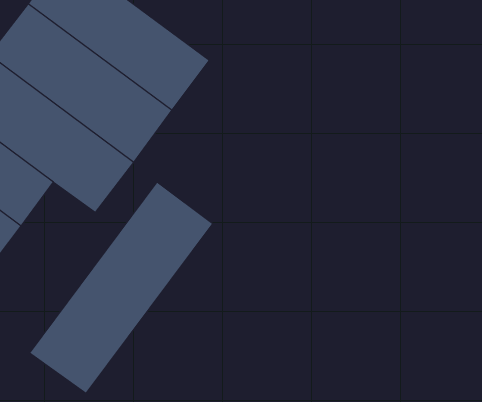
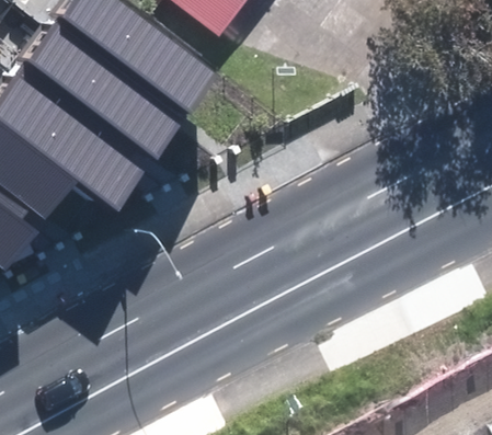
building: [29,182,213,393] -> none

